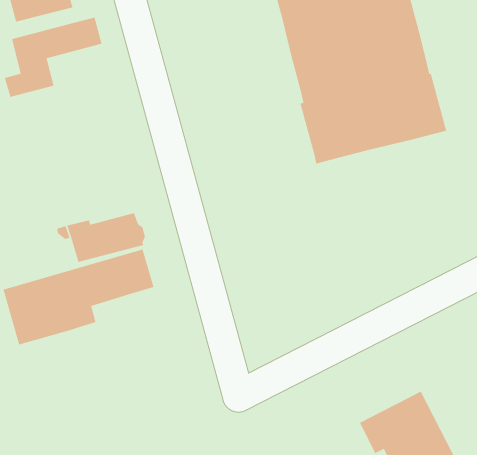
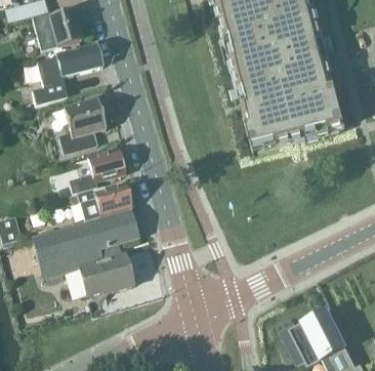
building: none -> [58,96,106,152]
building: none -> [68,148,124,191]
building: none -> [78,242,132,293]

